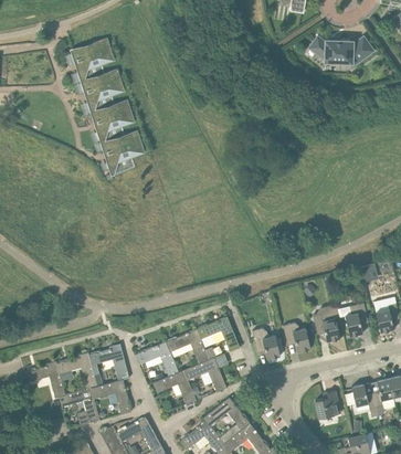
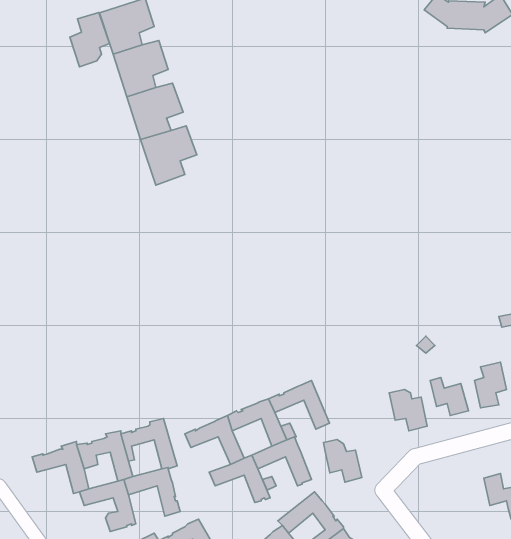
building: none -> [70,12,110,67]
building: [252,328,279,359] -> [324,439,362,482]
building: [315,390,340,419] -> none

